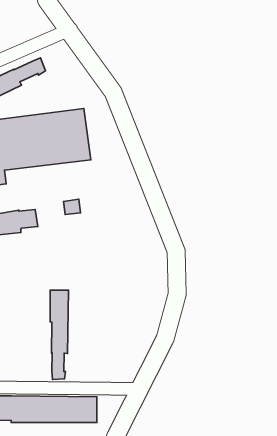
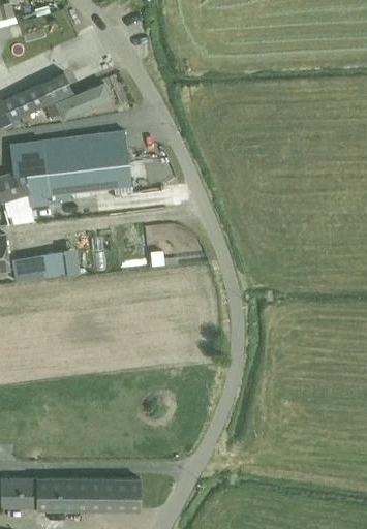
building: none -> [54,83,111,121]
building: [50,290,68,379] -> none

